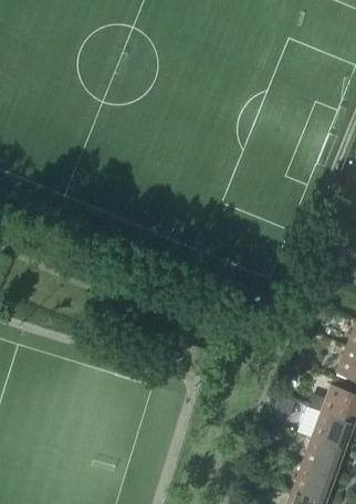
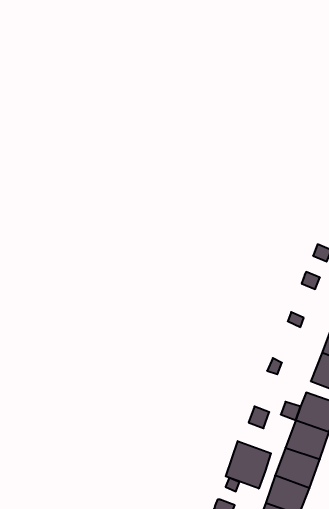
building: none -> [226,441,271,489]

